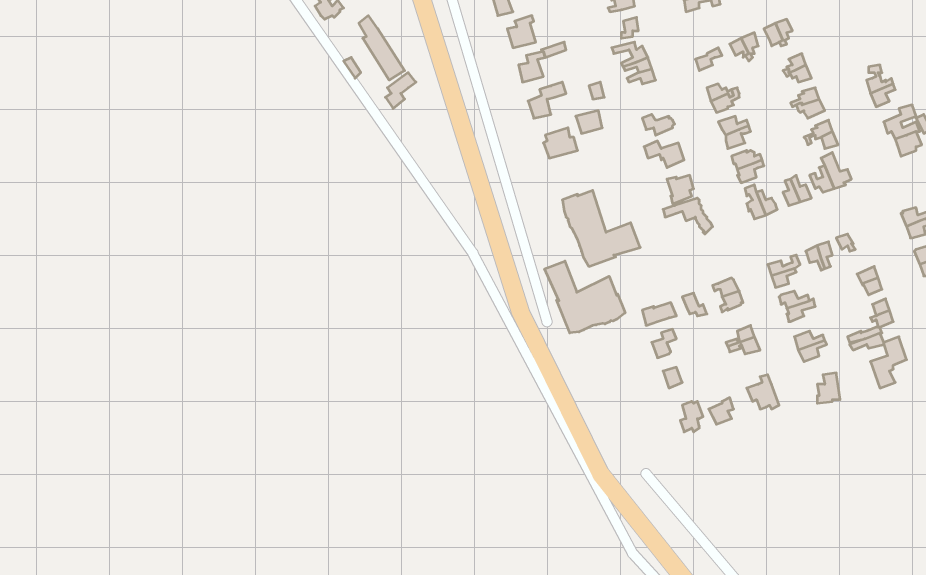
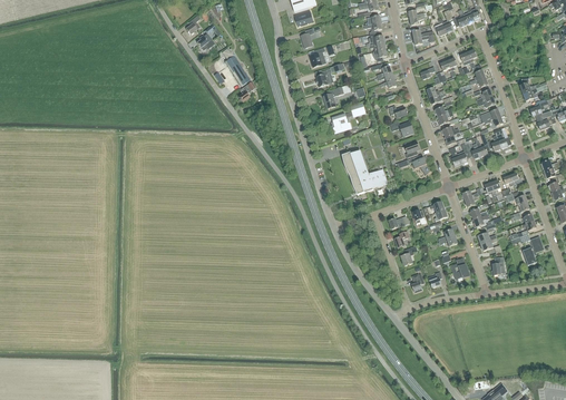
building: [545,261,625,333] -> none

